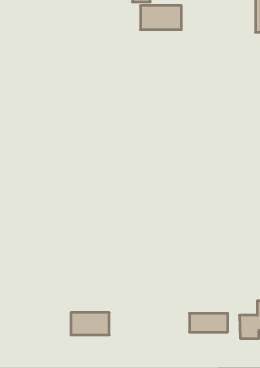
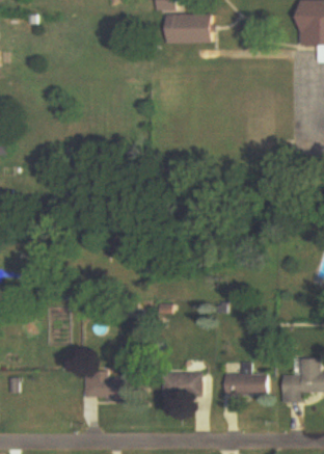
building: none -> [159,371,198,396]

